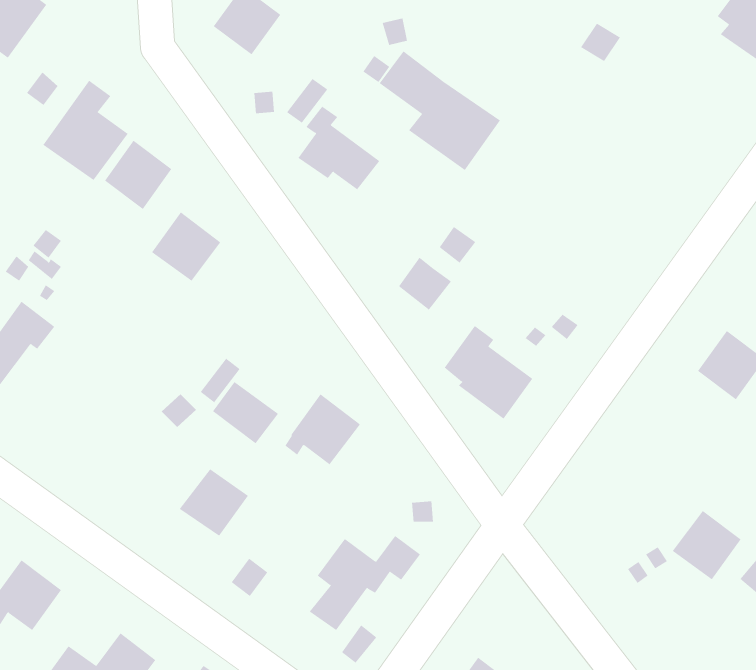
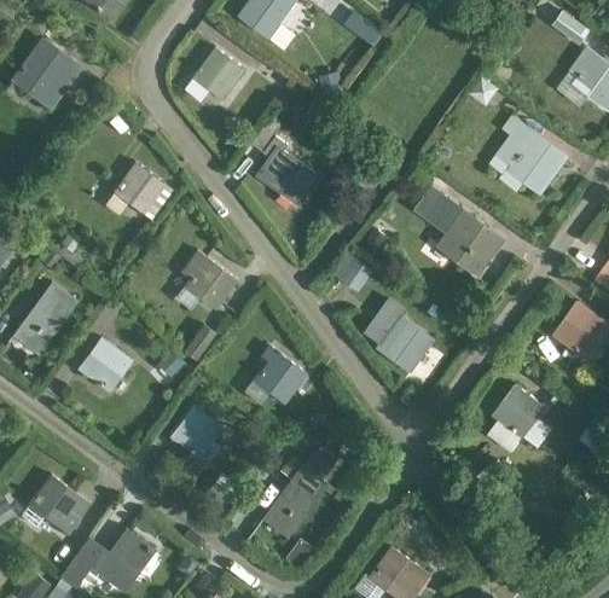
building: [379,51,501,171] -> [413,187,504,277]
building: [42,80,128,181] -> none
building: none -> [499,120,564,187]
building: [151,212,221,282] -> [185,257,237,309]
building: none -> [79,338,130,390]
building: [212,381,279,444] -> none
building: [672,510,742,580] -> [492,385,544,437]

